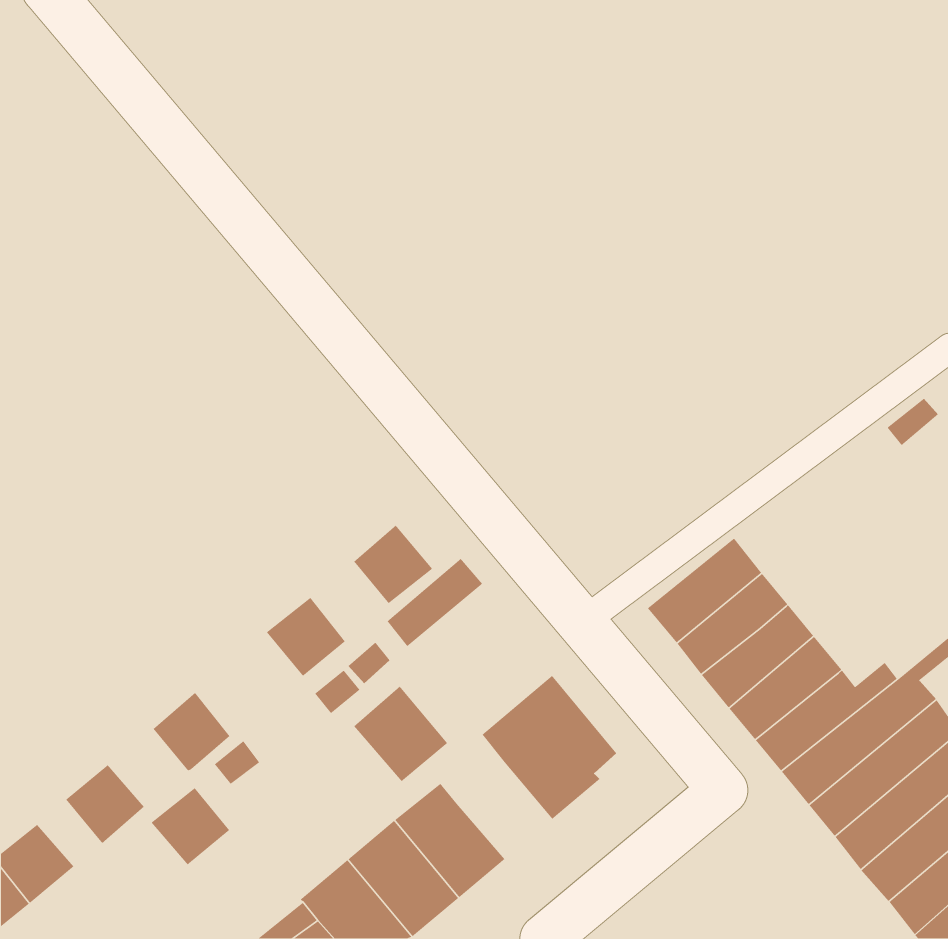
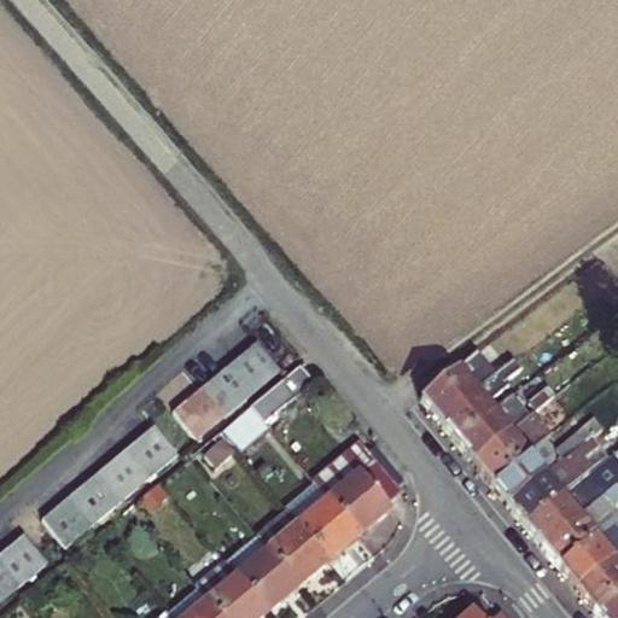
building: none -> [203,365,253,416]
building: none -> [128,426,180,478]
building: [353,685,448,782] -> [298,495,360,558]
building: [150,787,230,865] -> [71,473,123,524]

